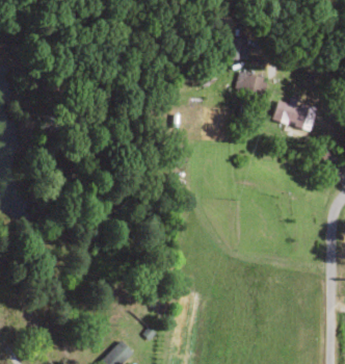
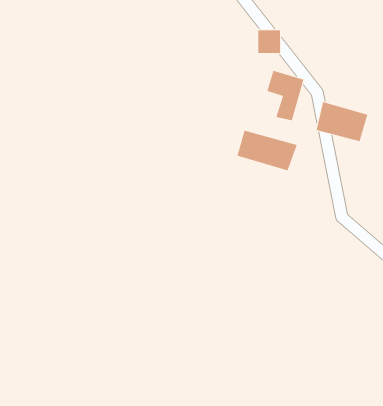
building: none -> [237,130,297,171]

